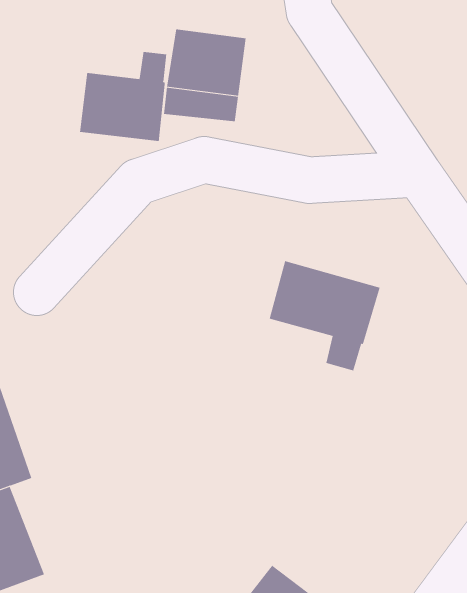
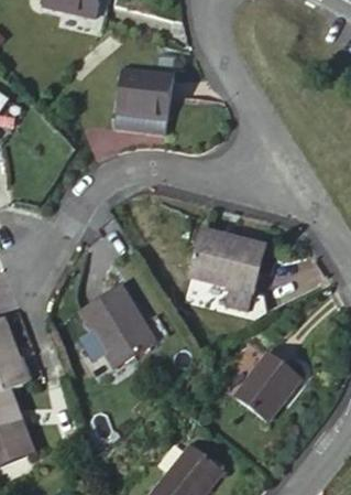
building: [79,51,167,142] -> none
building: none -> [80,283,156,366]
building: none -> [235,353,301,419]

